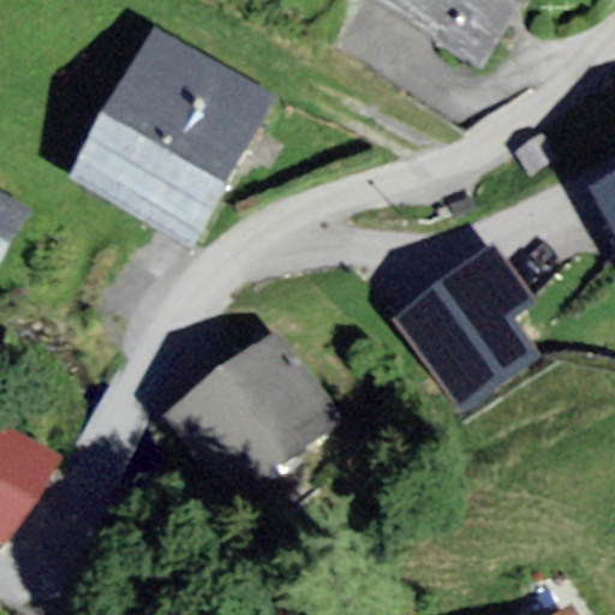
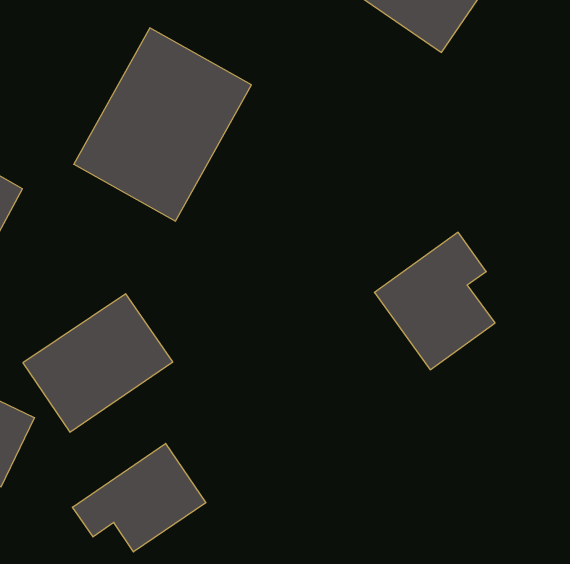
building: [166,338,327,486] -> [23,294,173,432]
building: none -> [72,443,206,552]

